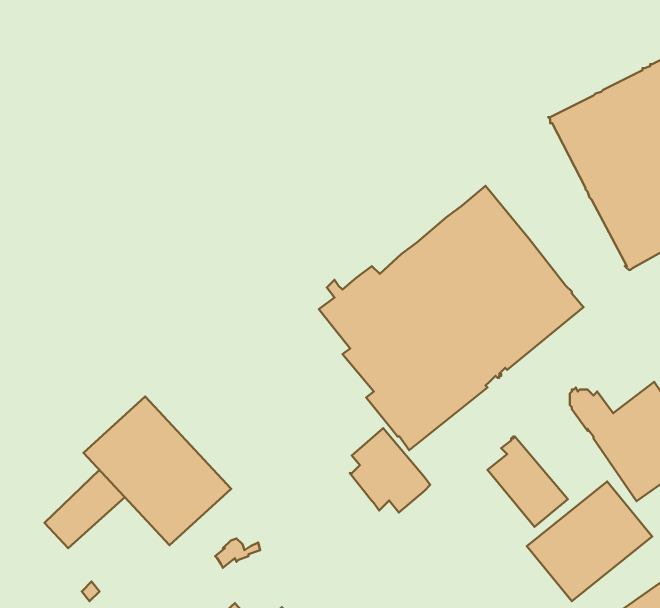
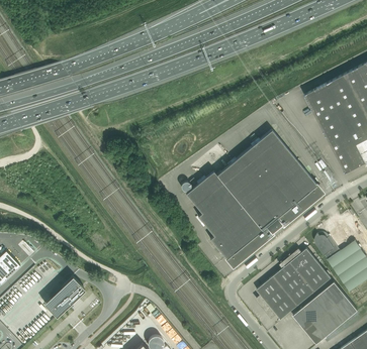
building: [84,397,231,545] -> none
building: none -> [287,248,332,292]
building: [350,428,430,512] -> [256,276,297,320]

